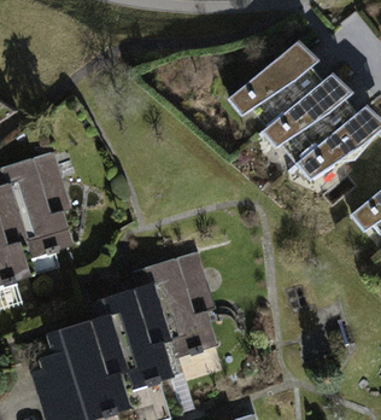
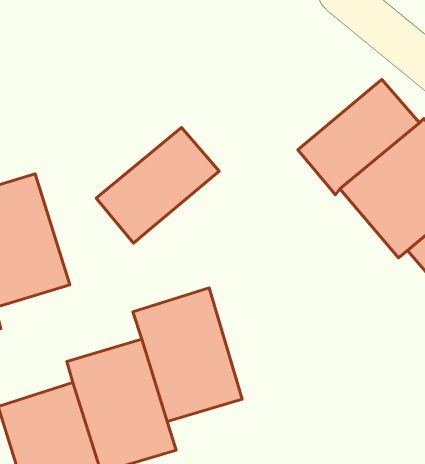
building: [228,52,327,145] -> [96,128,219,243]

